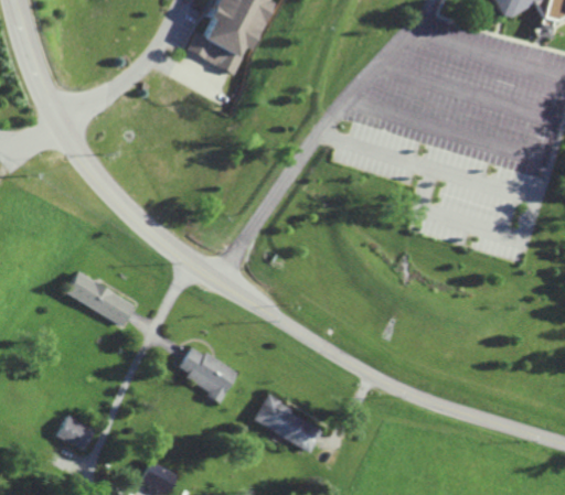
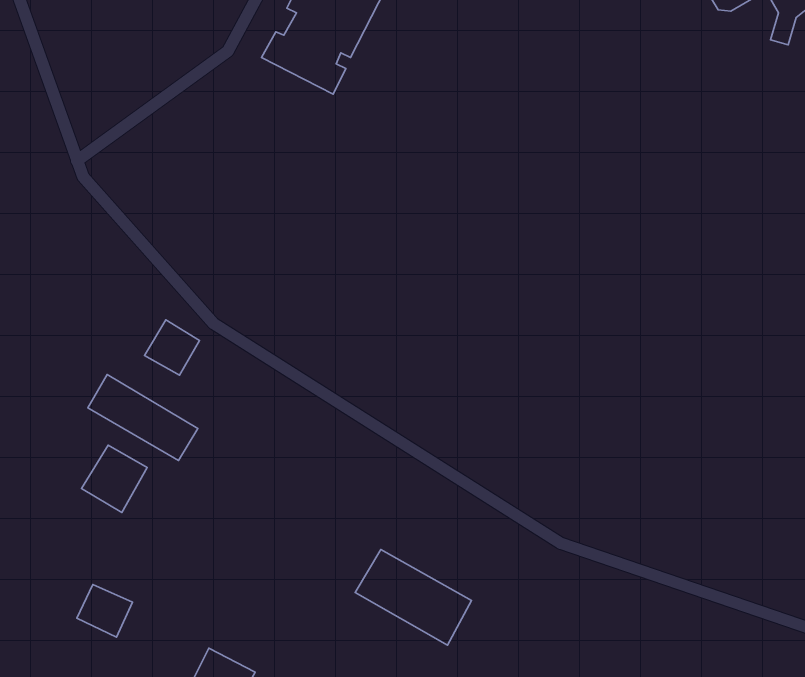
building: none -> [145,320,200,375]
building: none -> [82,445,147,512]
building: [177,344,237,401] -> none

